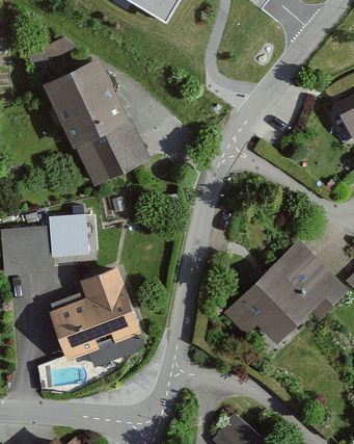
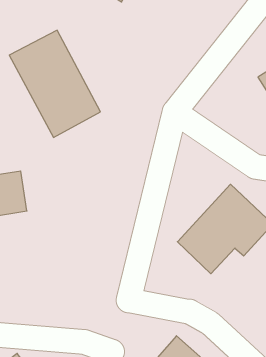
building: [57,213,96,258] -> none
building: [40,270,135,360] -> none

